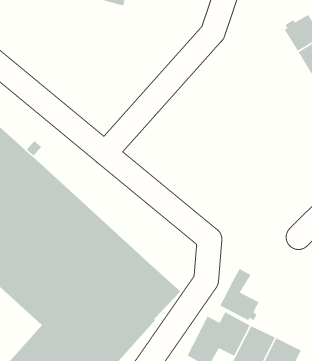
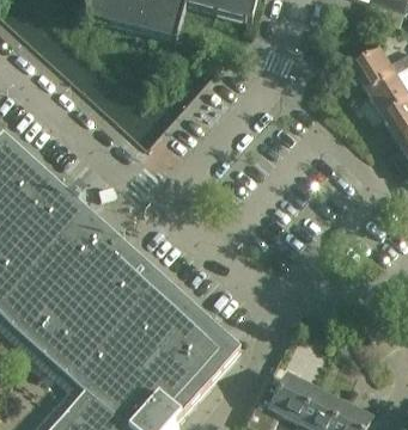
building: [219,268,259,321] -> none

